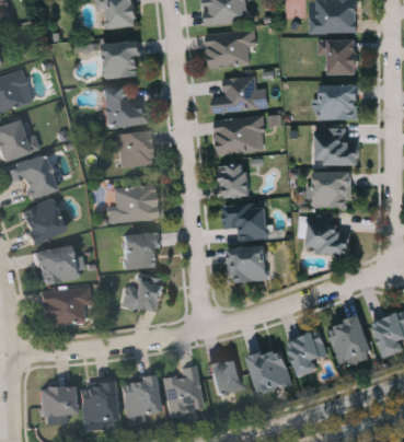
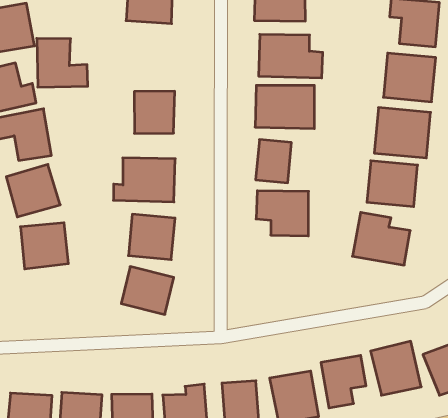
building: [102,88,147,129] -> [37,38,88,87]
building: [227,246,267,281] -> none
building: [41,293,90,326] -> none

